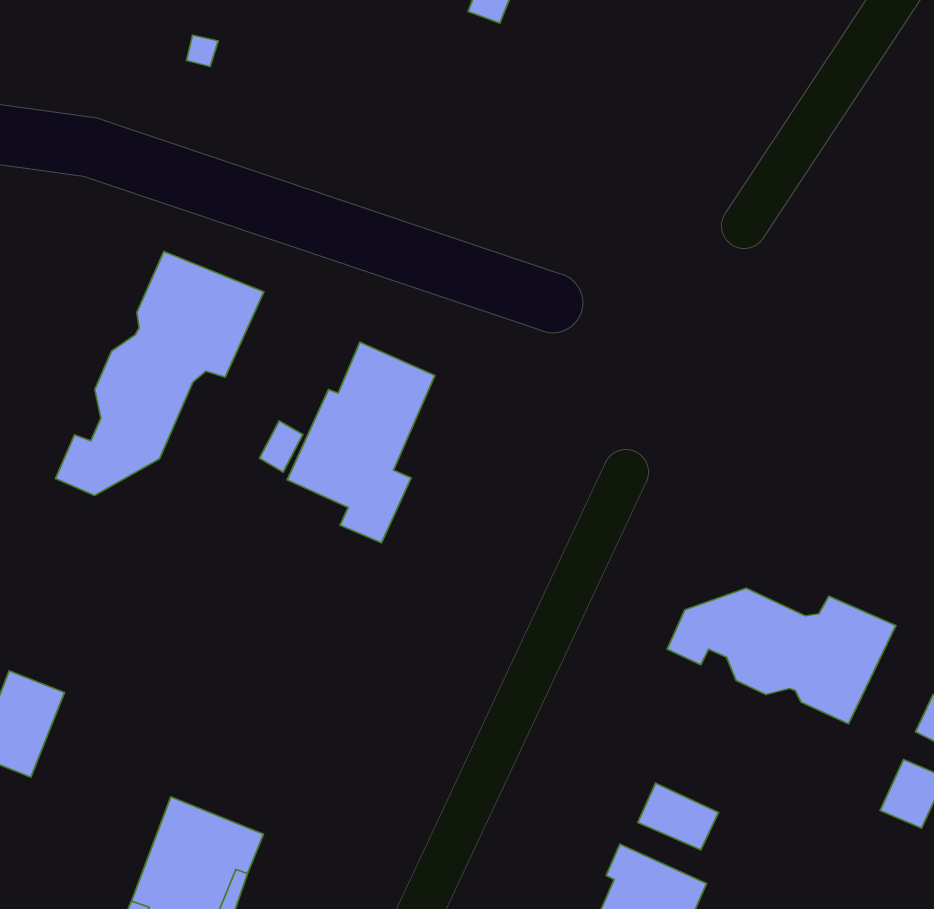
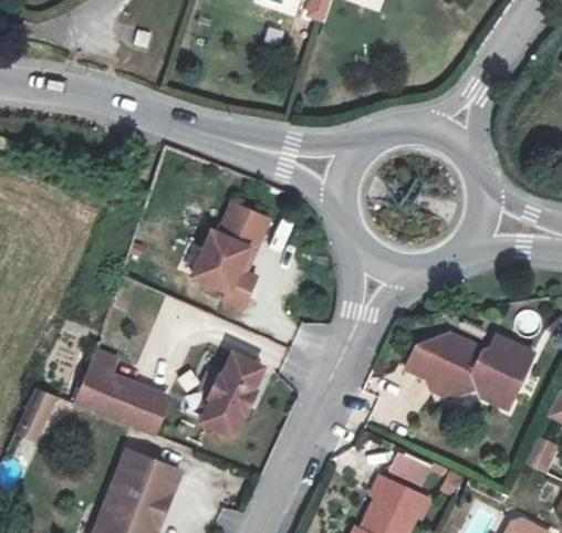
building: [56,251,264,496] -> none
building: none -> [74,355,170,439]
building: none -> [198,355,262,435]

